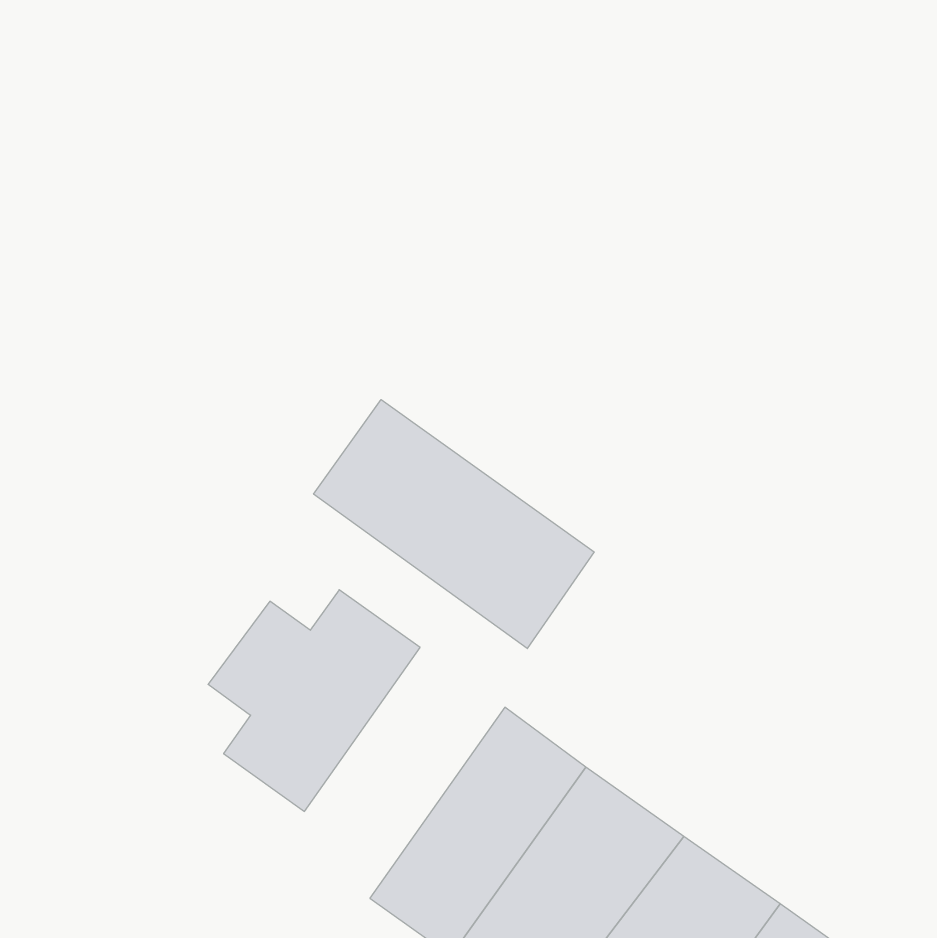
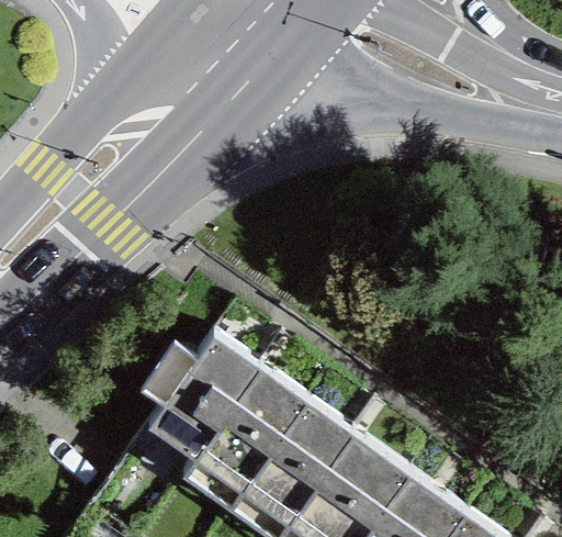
building: [314,400,594,649] -> none
building: none -> [183,369,308,512]

